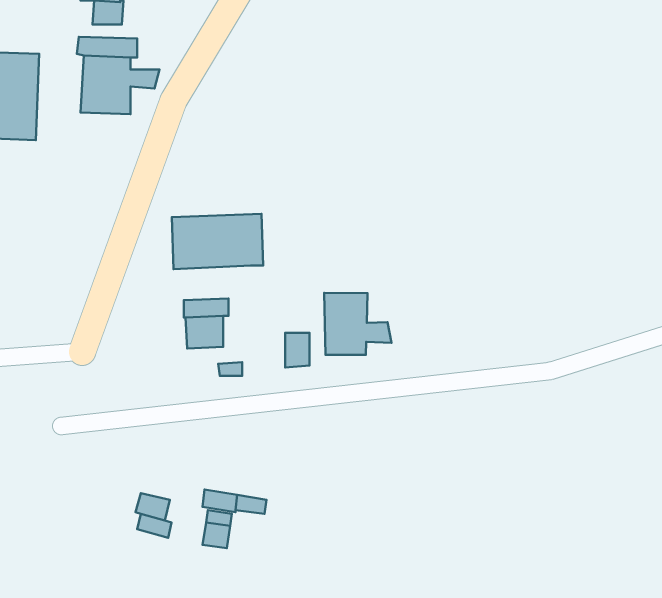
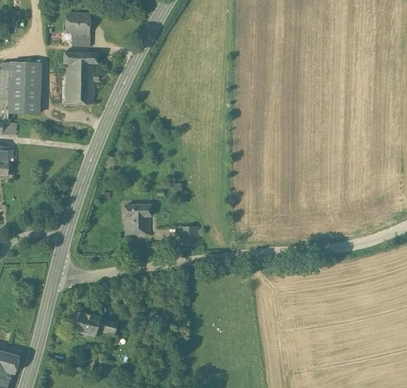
building: [172,214,263,269] -> none
building: [324,293,392,355] -> none
building: none -> [74,312,100,336]

